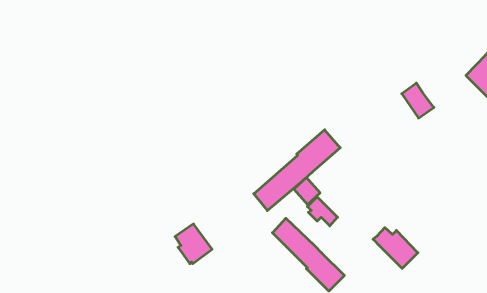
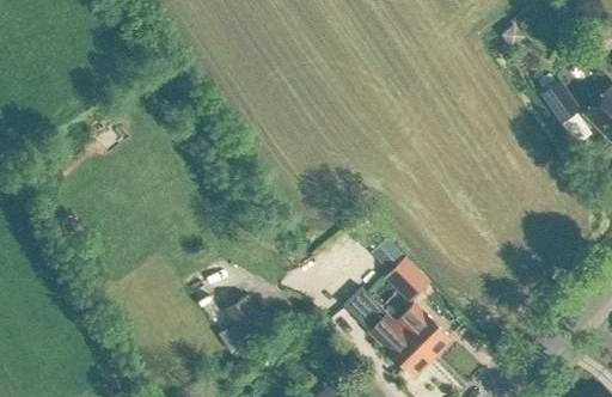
building: [402,83,434,118] -> [541,80,581,123]
building: [254,130,340,211] -> none
building: [373,228,418,268] -> [397,309,452,359]

